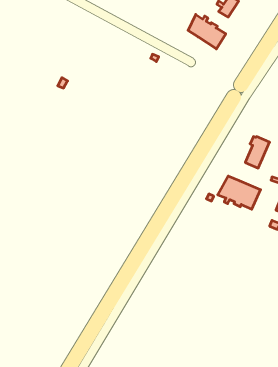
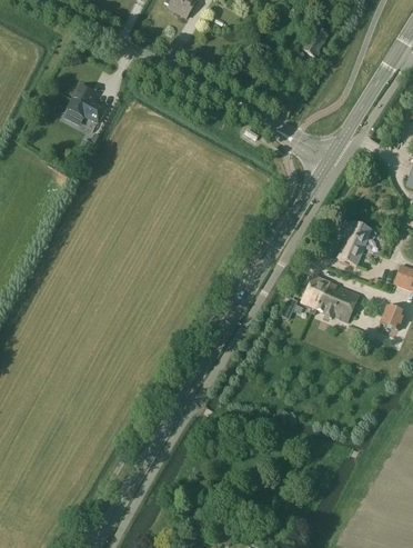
building: [188,14,226,49] -> none
building: none -> [64,84,107,124]

